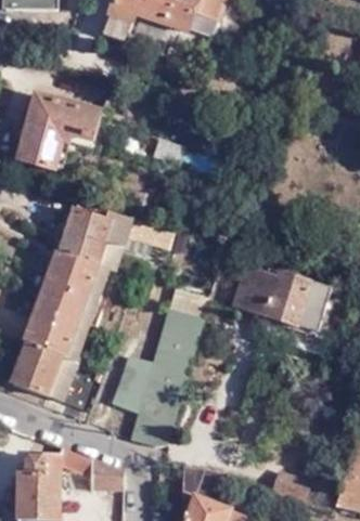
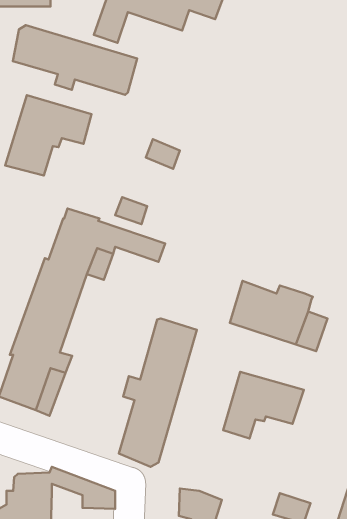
building: none -> [13,25,137,95]
building: none -> [223,372,304,439]

